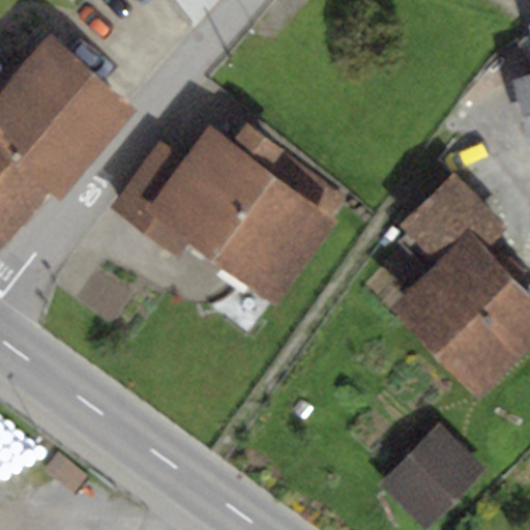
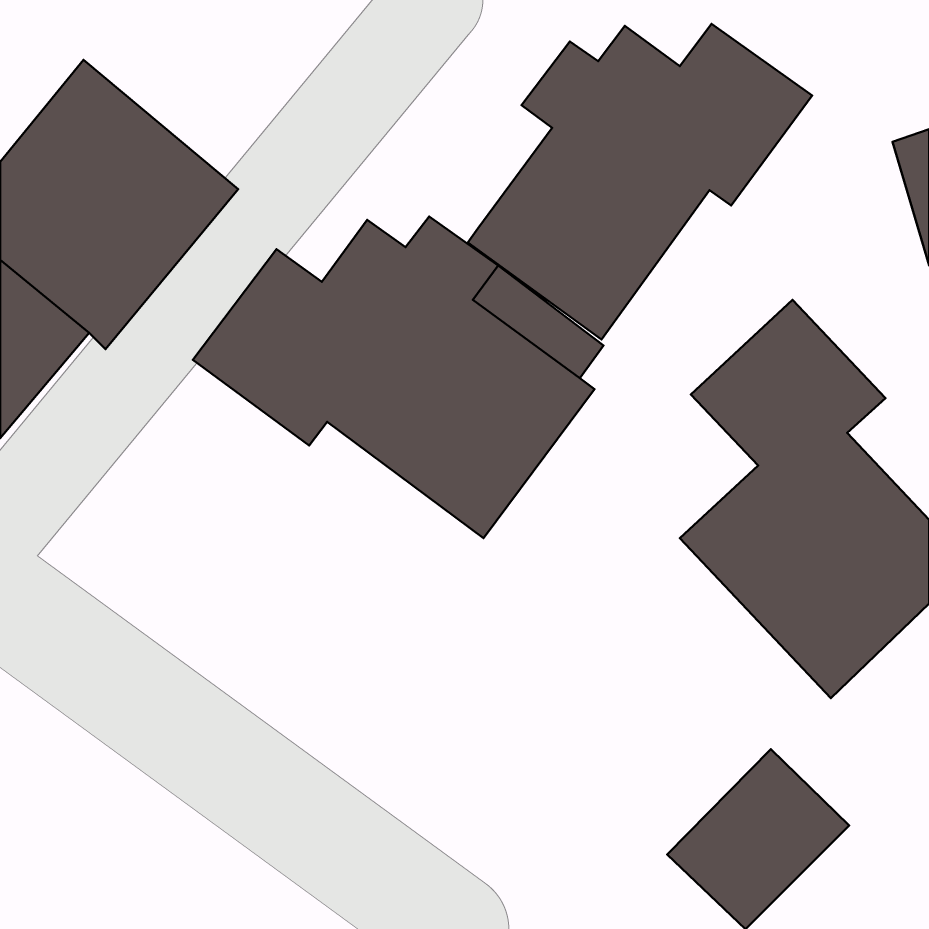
building: none -> [468,24,812,339]

